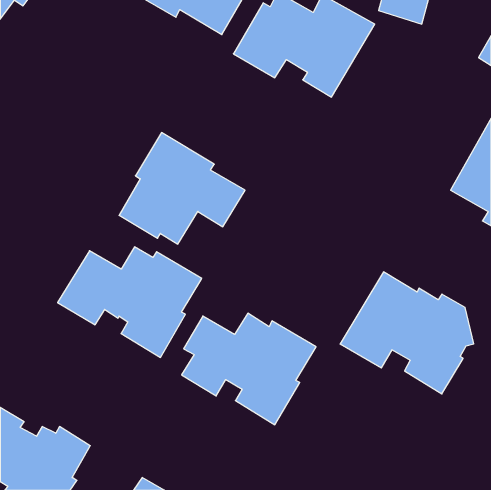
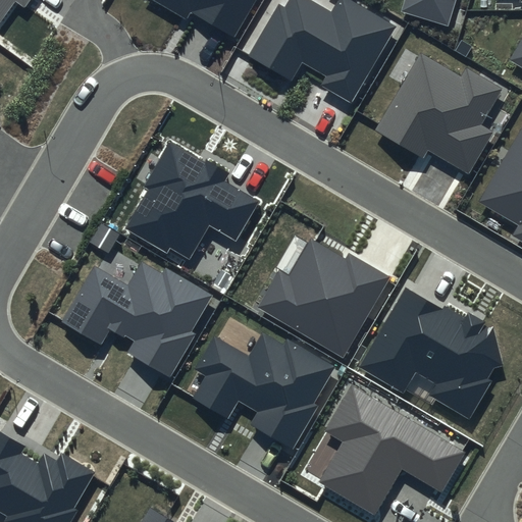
building: none -> [374,51,503,172]
building: none -> [257,238,390,356]
building: none -> [319,384,466,515]

